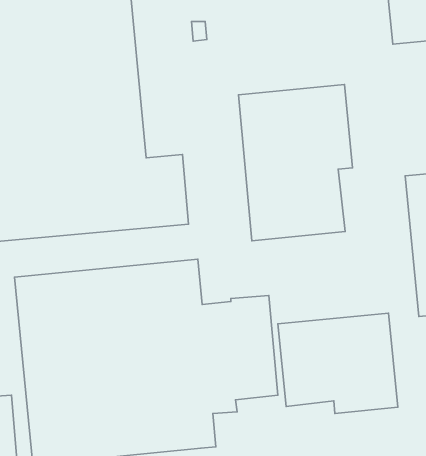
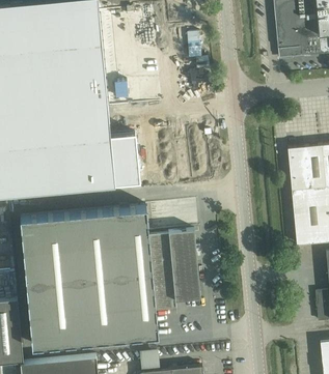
building: [238,85,352,241] -> none
building: [278,313,398,413] -> none

